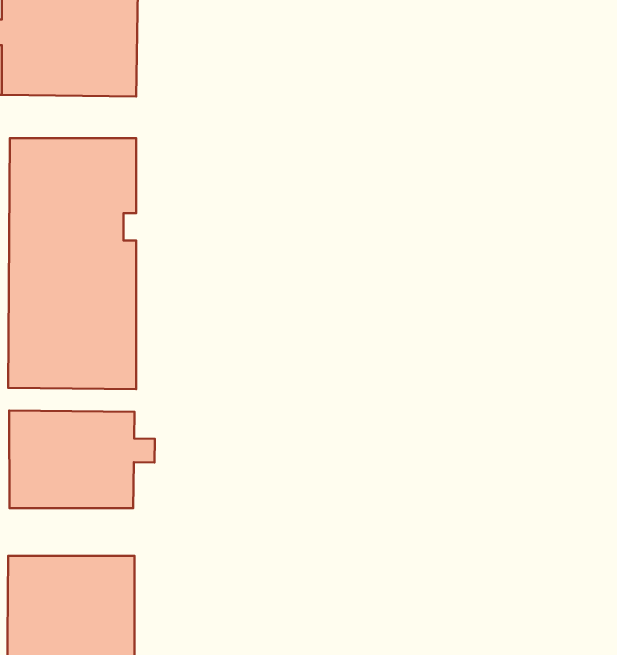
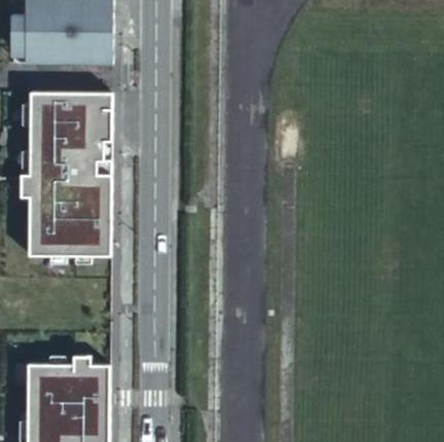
building: [9,410,155,508] -> none

